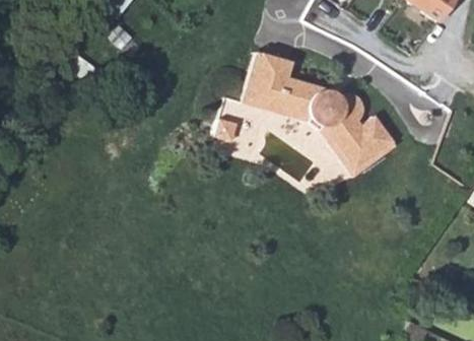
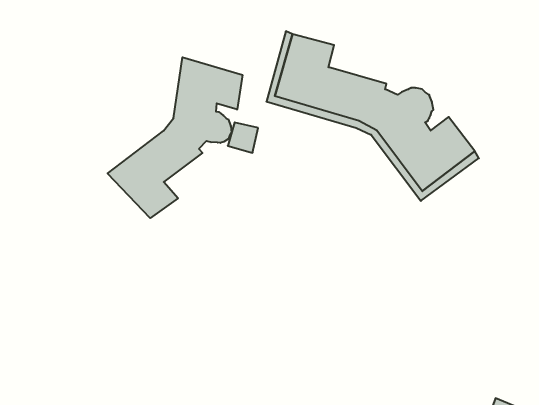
building: none -> [108,57,242,218]

